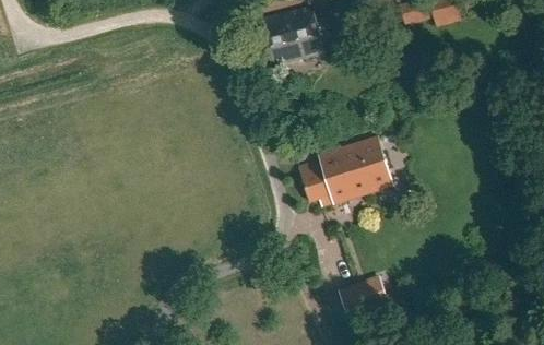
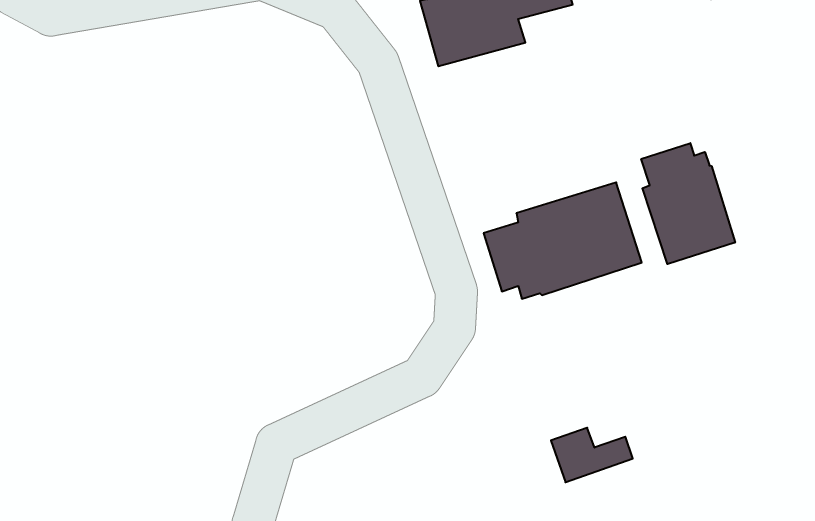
building: none -> [641,143,735,264]

